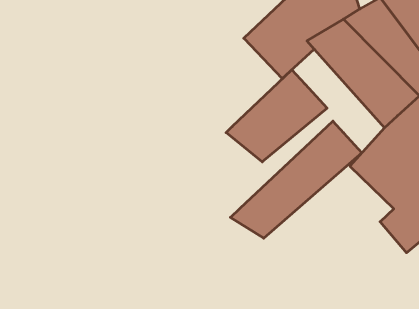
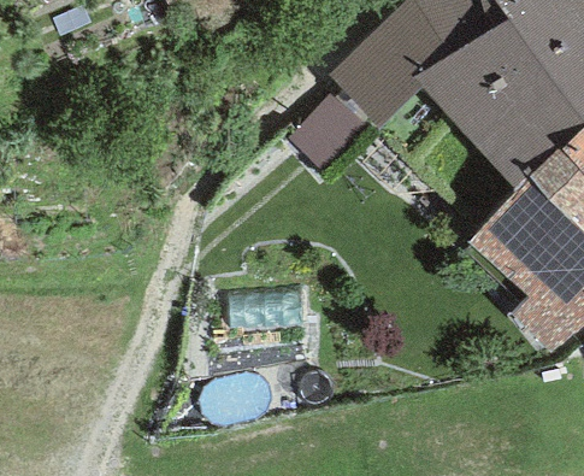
building: [226,70,327,162] -> none
building: [230,121,362,238] -> none

